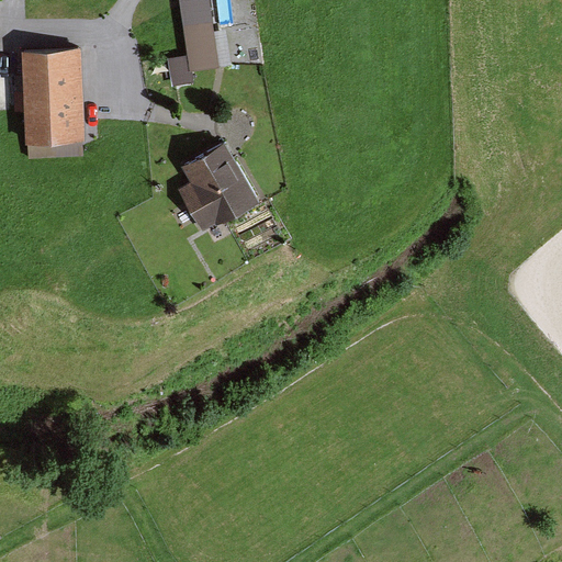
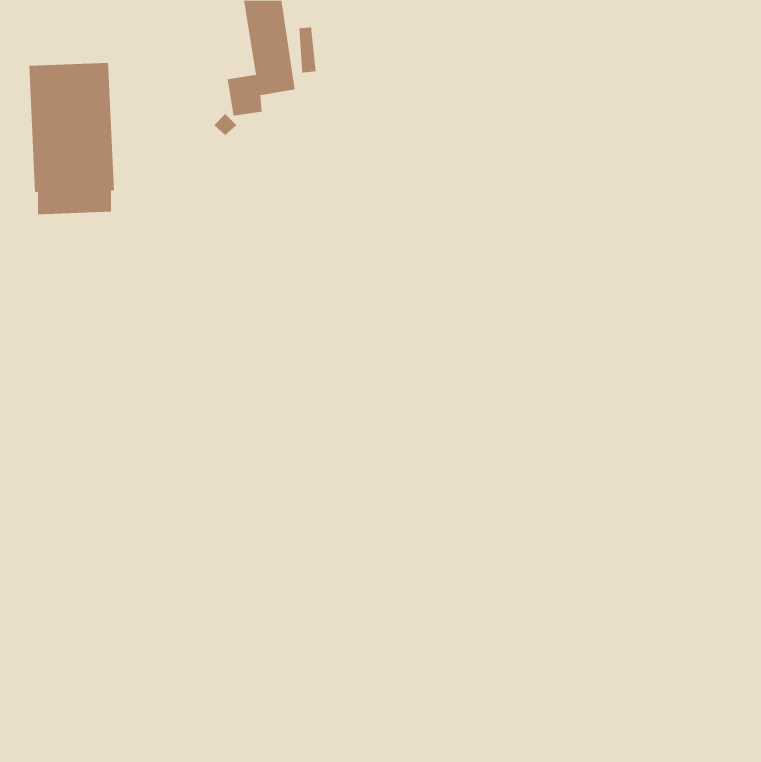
building: [178,142,257,232] -> none

